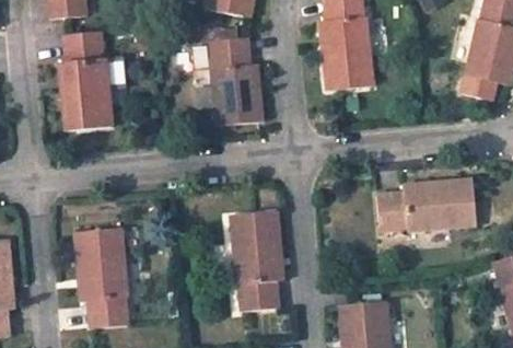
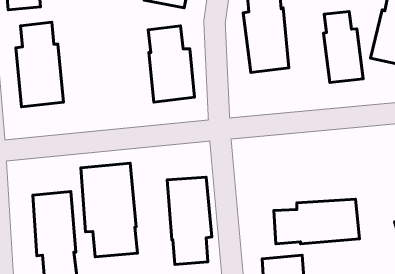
building: none -> [324,12,363,82]
building: [377,179,476,231] -> [274,199,359,244]
building: none -> [81,163,137,257]

